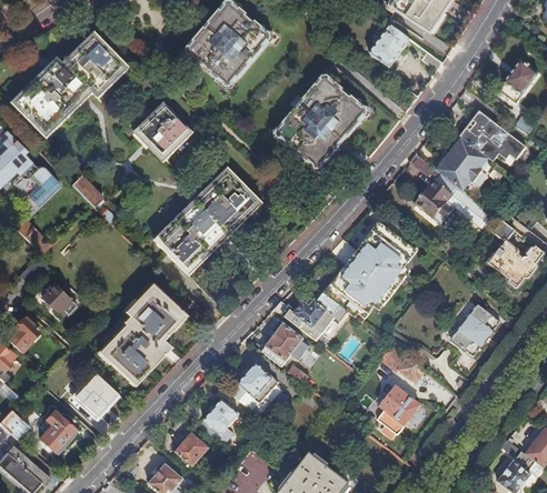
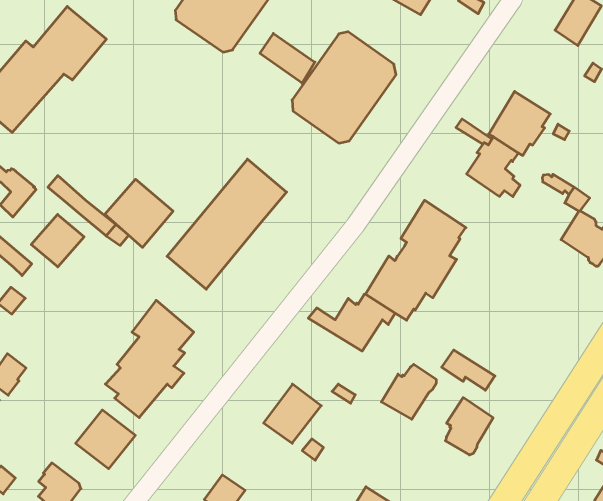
building: none -> [260,33,315,83]
building: [136,102,192,159] -> [105,179,173,247]
building: [459,110,525,161] -> none
building: none -> [31,214,84,267]
building: [38,282,74,315] -> none
building: [450,304,500,356] -> none
building: [261,323,302,366] -> none
building: none -> [381,364,436,419]
building: [198,399,239,445] -> none

